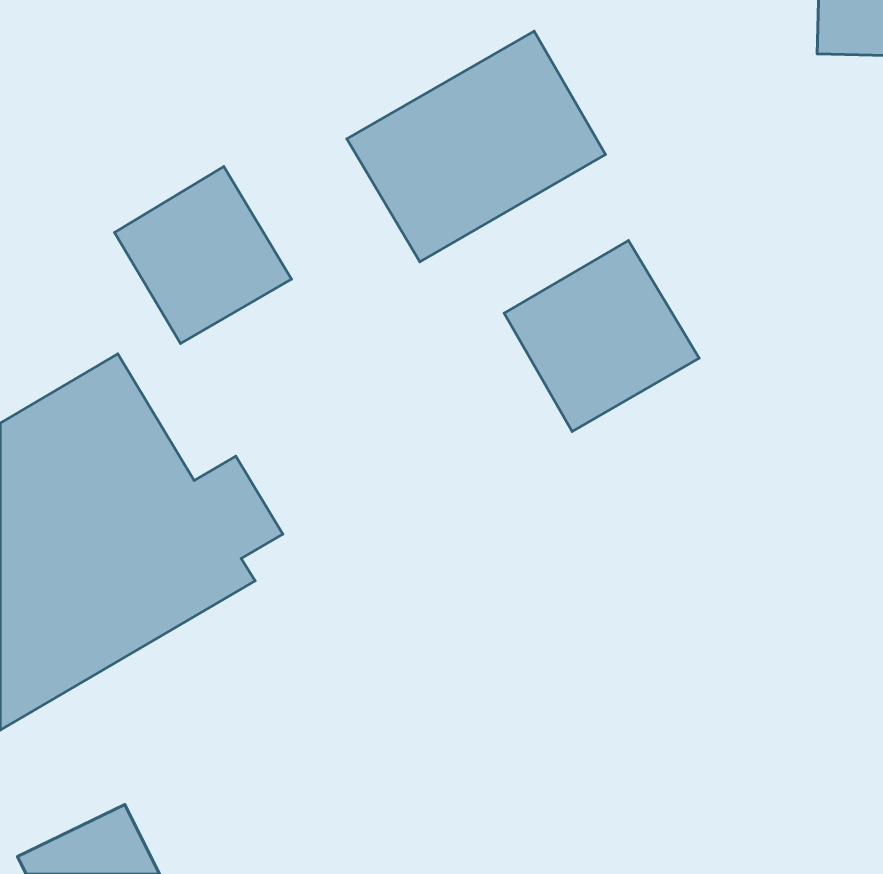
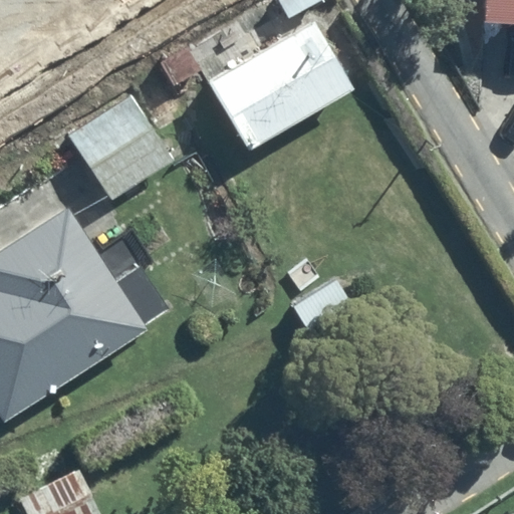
building: [504,241,699,431] -> none

